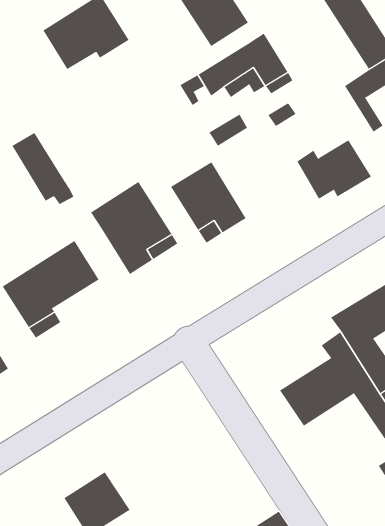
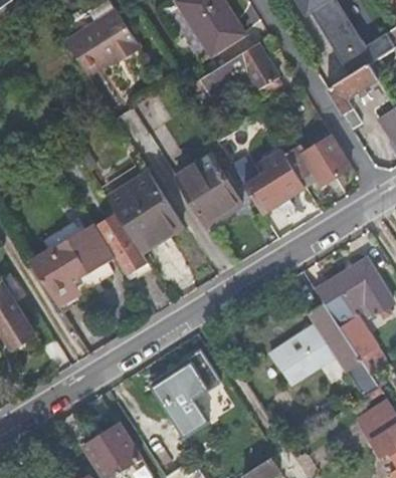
building: [12,132,74,205] -> [96,213,151,276]
building: none -> [228,149,305,213]
building: none -> [147,346,220,438]

